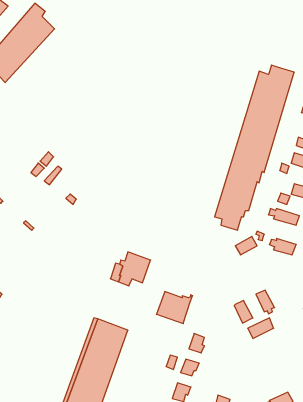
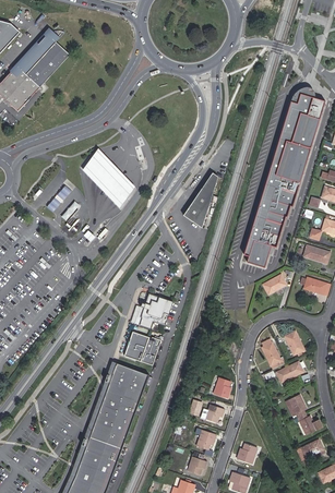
building: none -> [83,148,137,208]
building: none -> [183,176,220,232]
building: [156,292,193,324] -> [124,329,163,363]
building: none -> [286,395,322,434]

